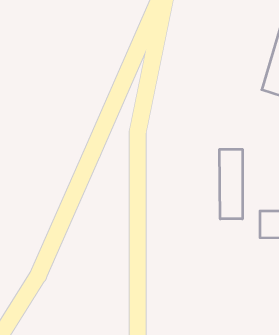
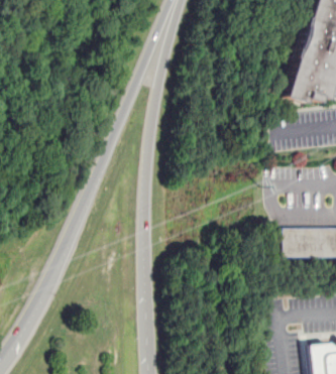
building: [220,149,242,219] -> none

